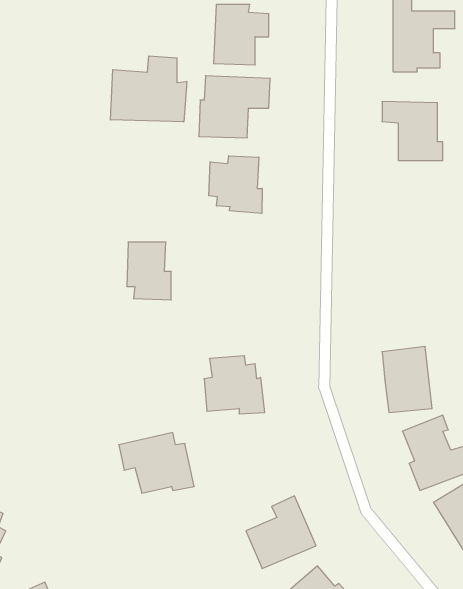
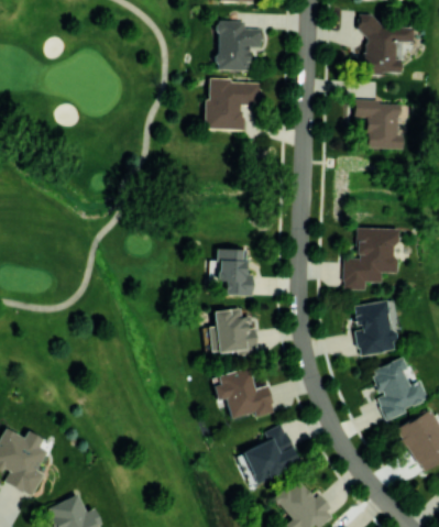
building: [111,56,187,122] -> none
building: [209,156,262,213] -> none
building: [127,242,171,300] -> [217,249,253,296]
building: none -> [343,228,398,289]
building: [119,433,194,493] -> [212,369,274,418]

